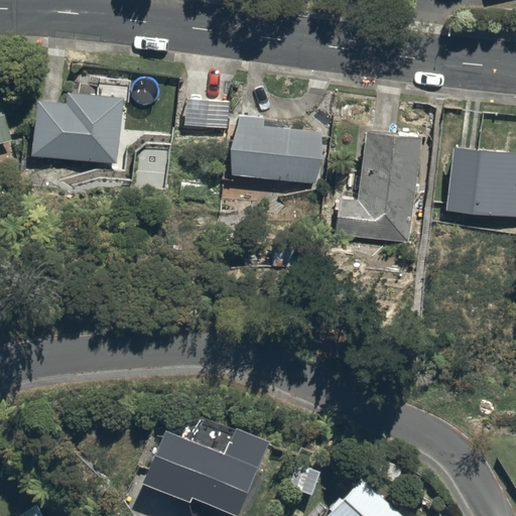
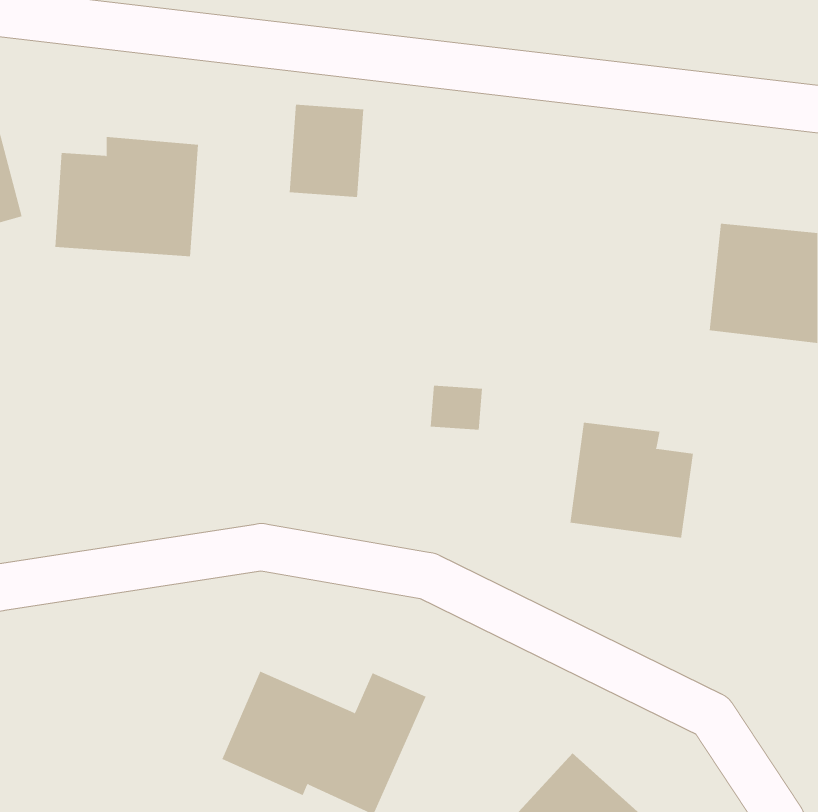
building: [228,117,327,187] -> none
building: [333,125,426,243] -> none
building: none -> [570,422,694,539]

